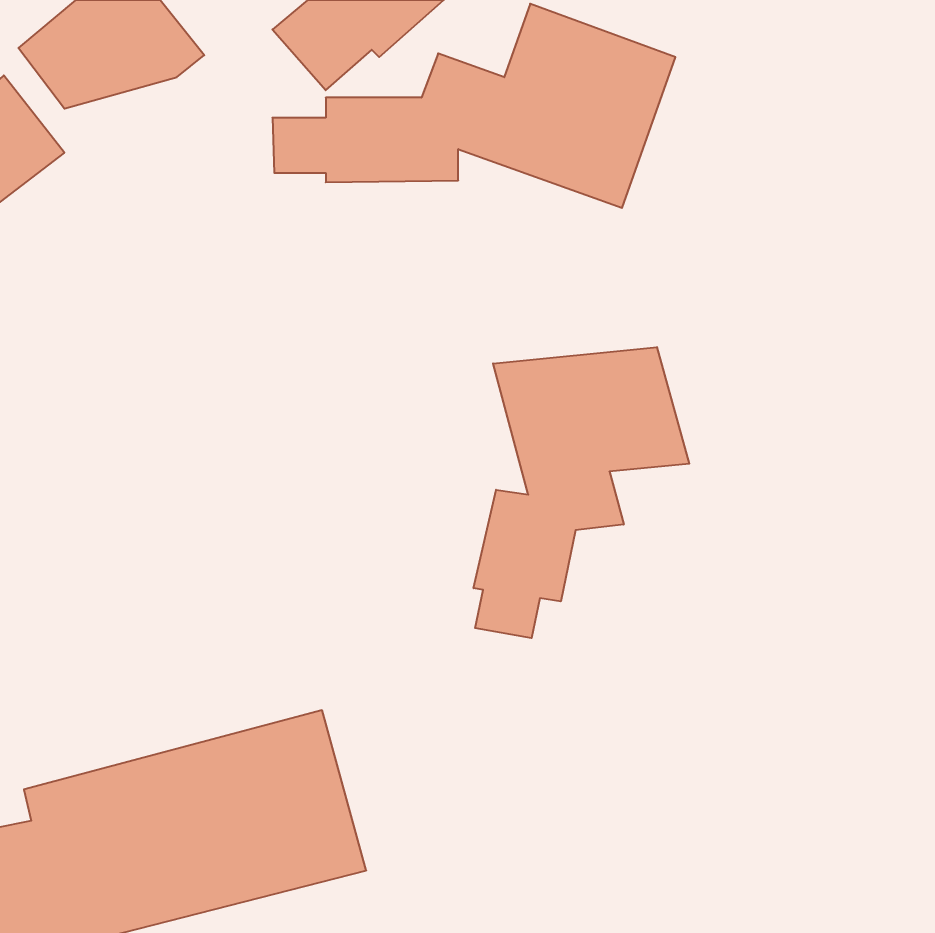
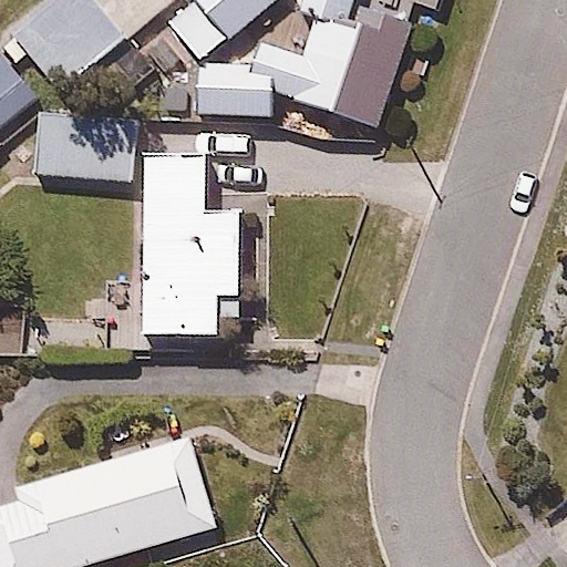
building: none -> [138,143,243,341]
building: [474,347,689,638] -> none

